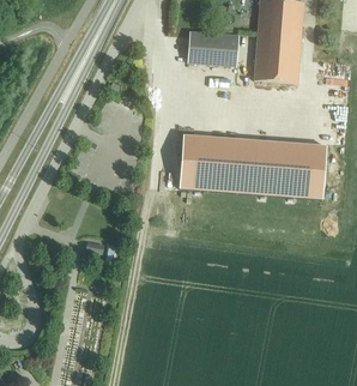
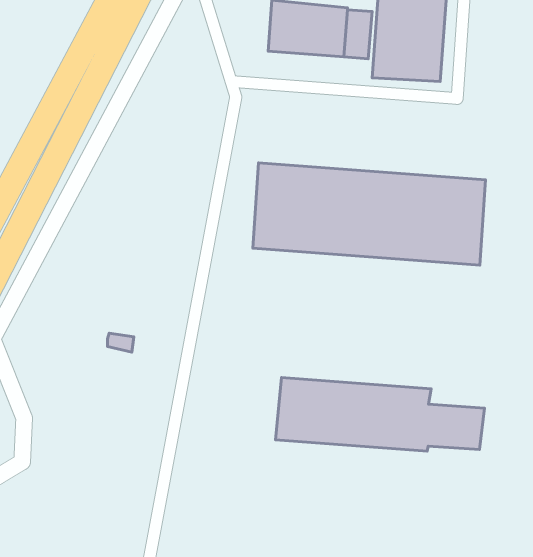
building: none -> [276,378,484,451]

